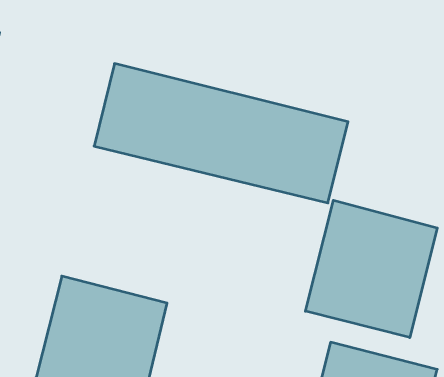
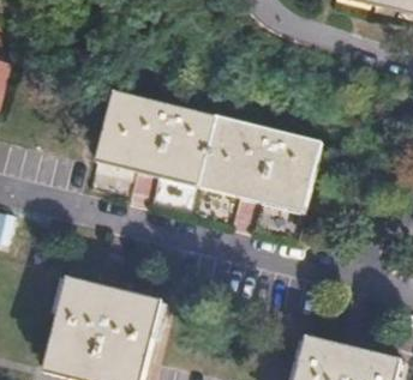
building: [305,200,437,338] -> none

